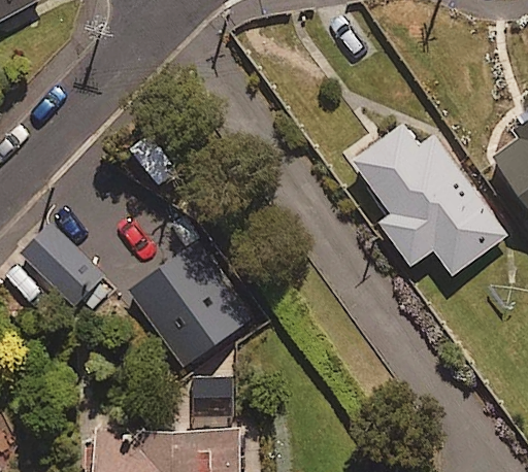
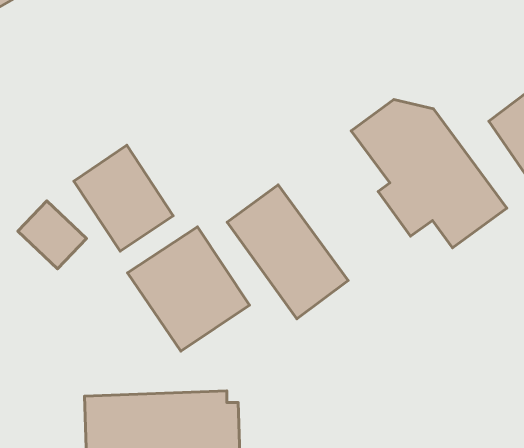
building: none -> [74,145,173,251]
building: none -> [227,185,348,319]

